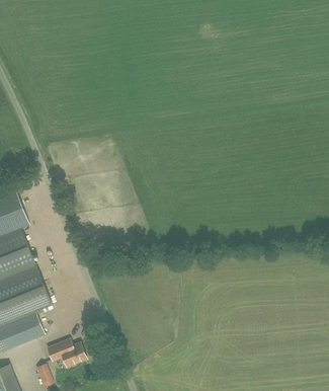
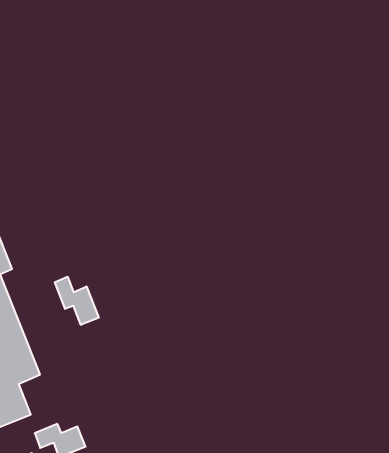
building: none -> [55,277,99,325]

